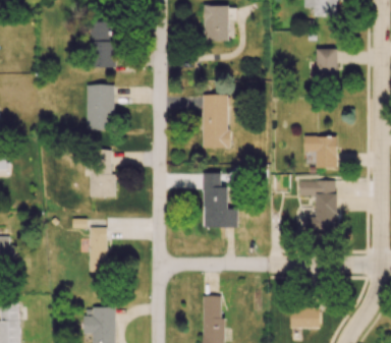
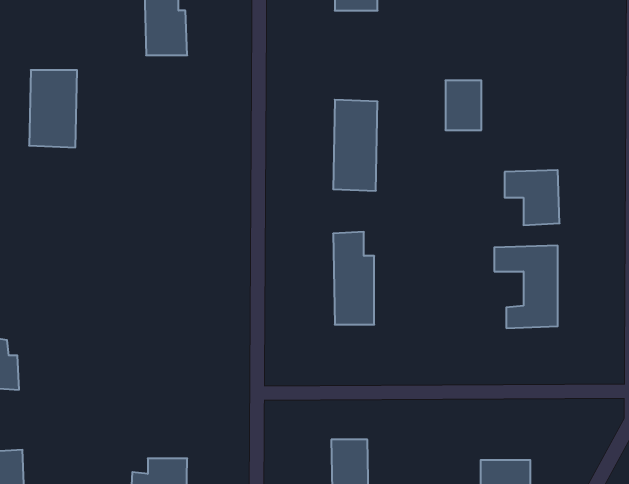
building: [316,48,337,77] -> [445,80,481,130]
building: [87,84,115,130] -> [29,70,77,147]
building: [90,150,115,196] -> none
building: [89,227,107,272] -> none

